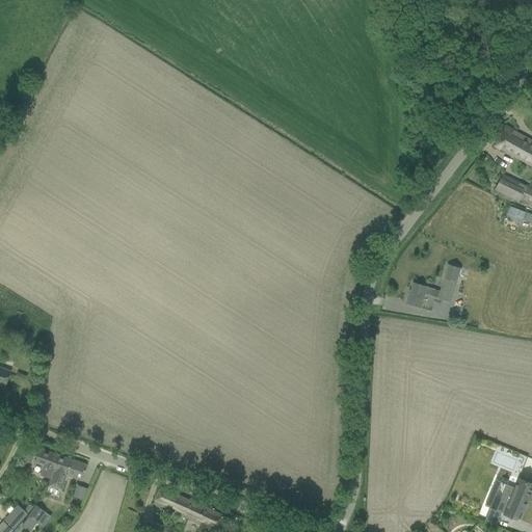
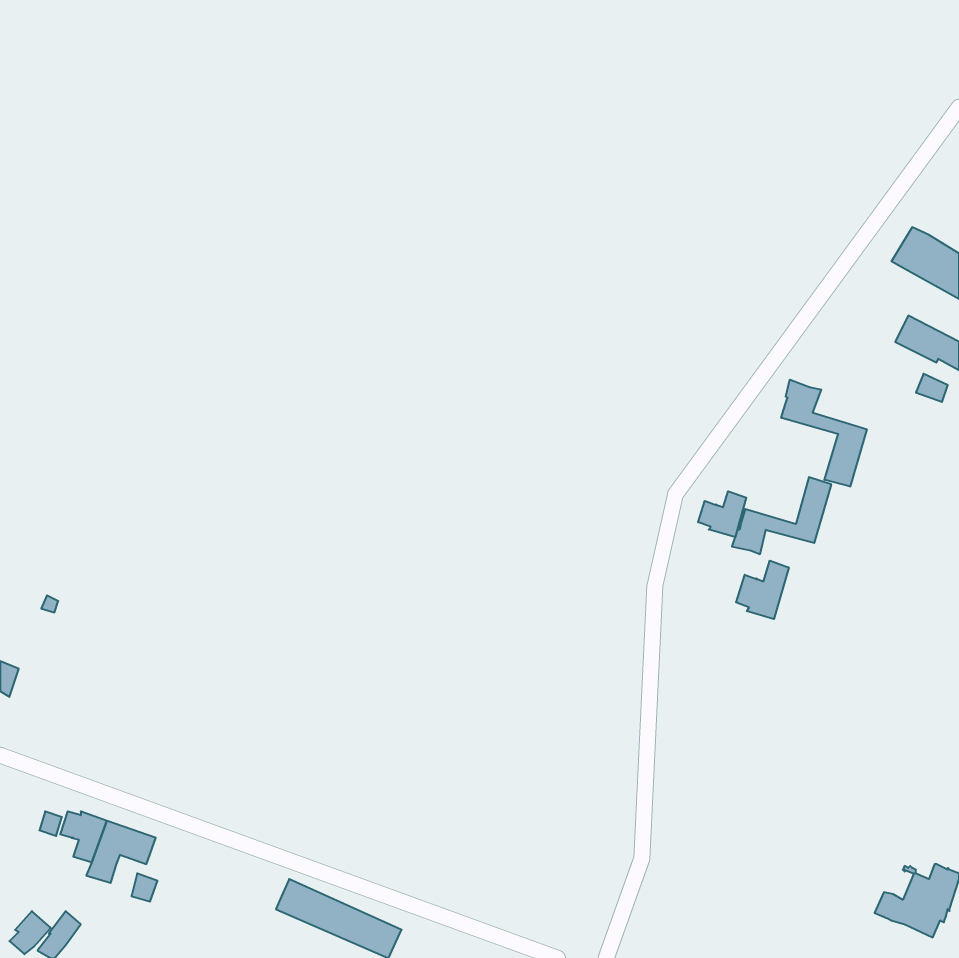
building: none -> [781,380,867,487]
building: none -> [698,491,746,537]
building: none -> [736,561,789,619]

